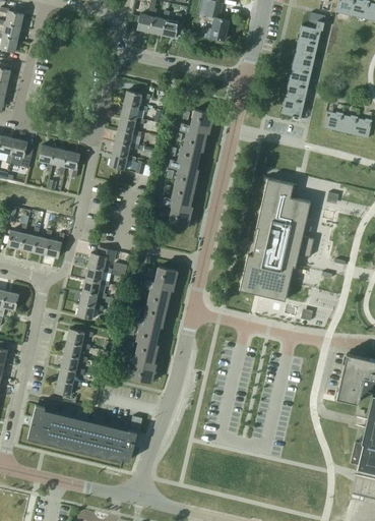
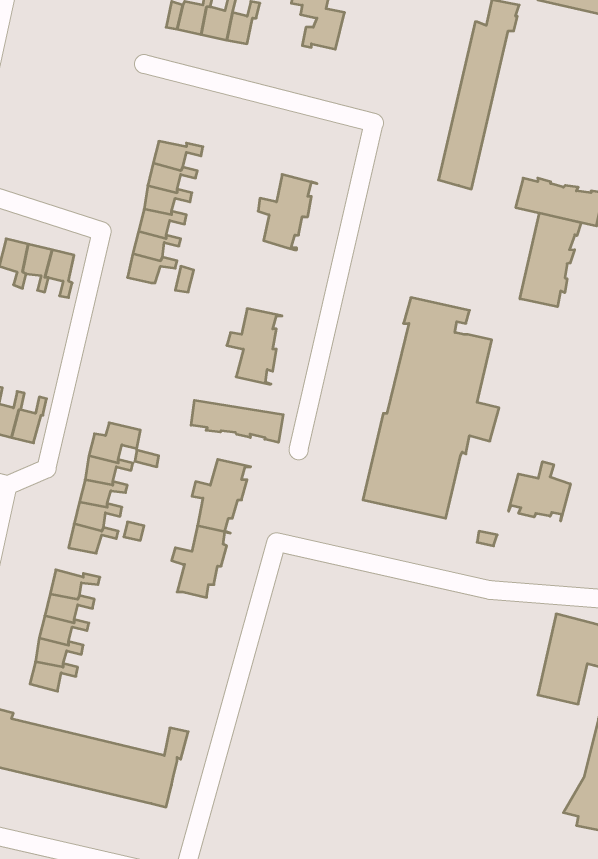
building: none -> [520,213,581,307]
building: [170,147,197,188] -> none
building: none -> [191,400,283,442]
building: none -> [509,462,570,521]
building: [127,341,158,383] -> none

